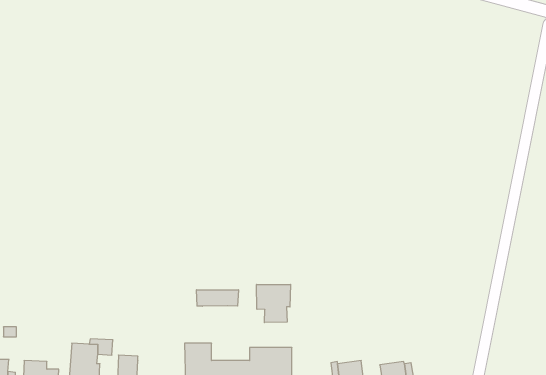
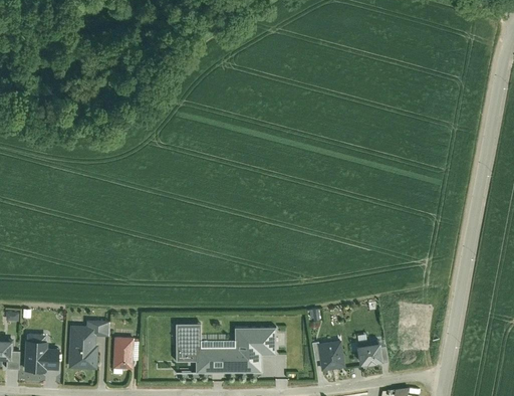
building: [257,284,291,323] -> none
building: [197,290,238,306] -> none

